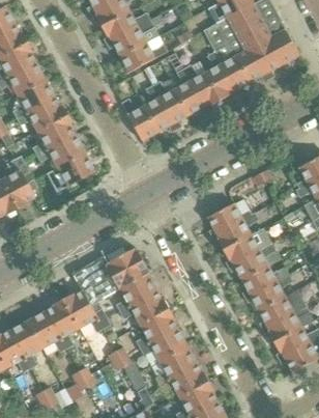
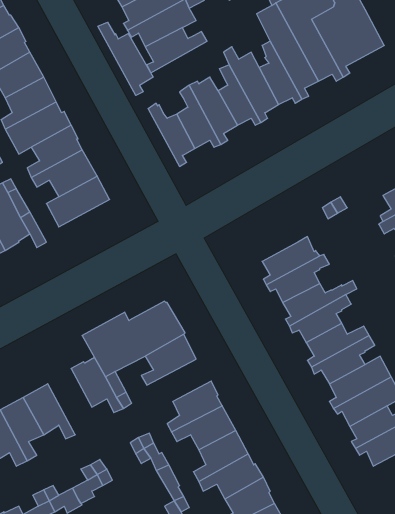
building: none -> [98,22,153,95]
building: [121,291,170,324] -> none
building: [47,299,80,349] -> none

